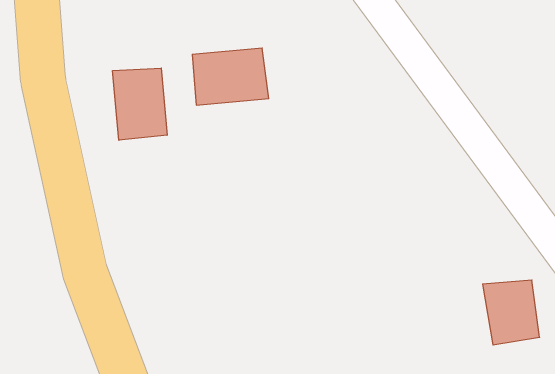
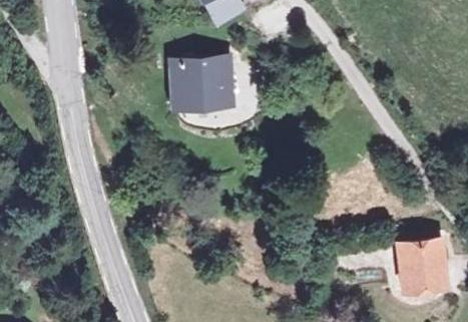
building: [113,68,167,140] -> none

